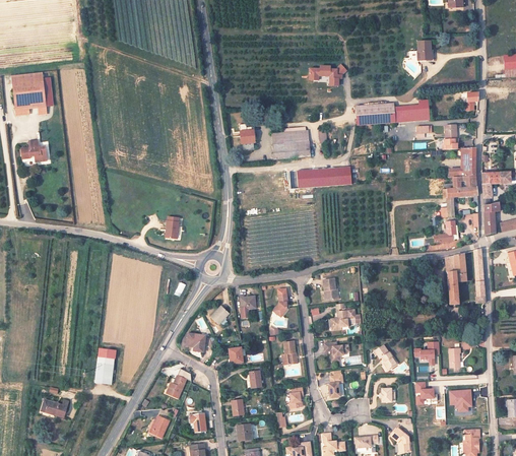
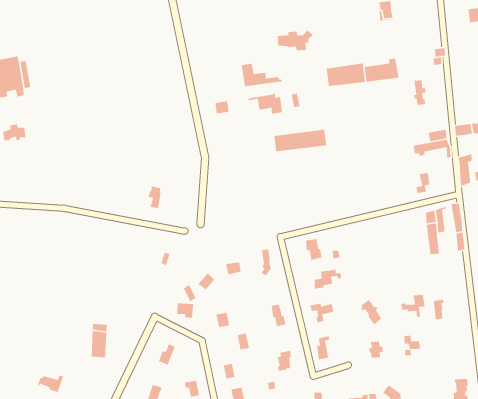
building: [271,132,313,156] -> [241,63,283,87]
building: [450,147,474,175] -> none
building: [449,389,471,410] -> none

